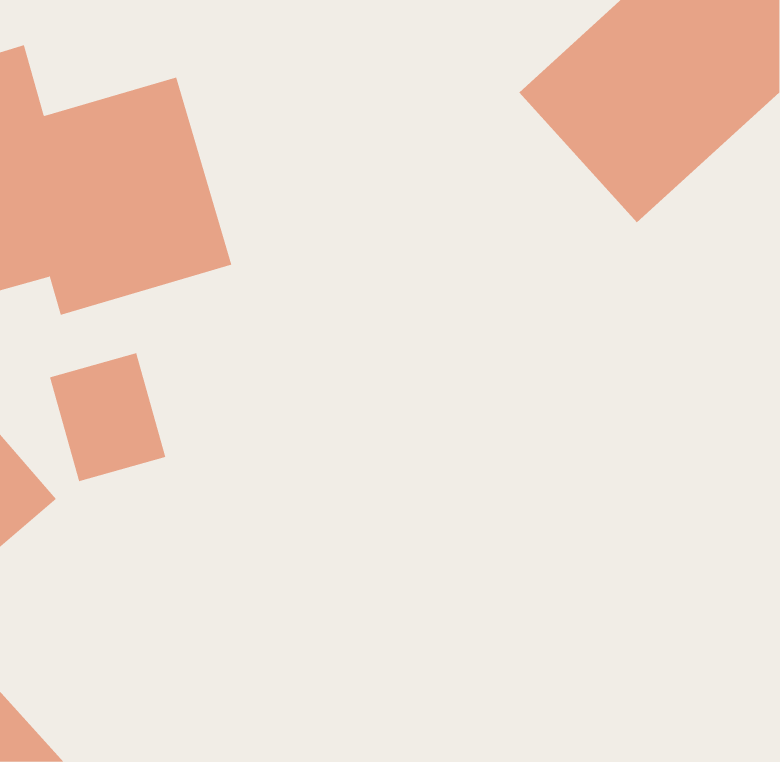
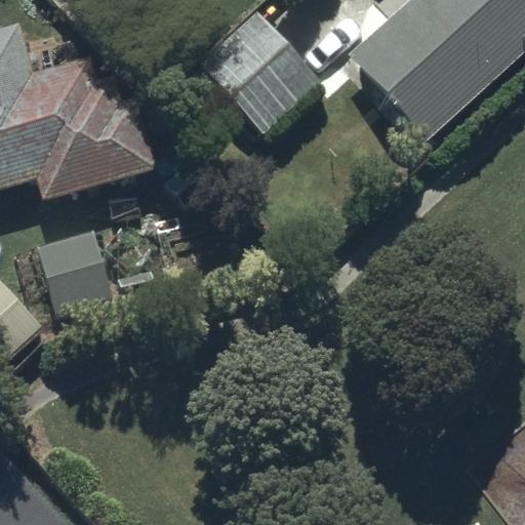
building: none -> [195,13,319,137]

